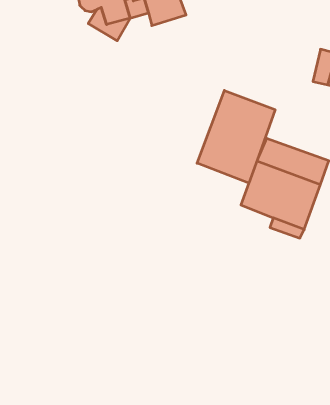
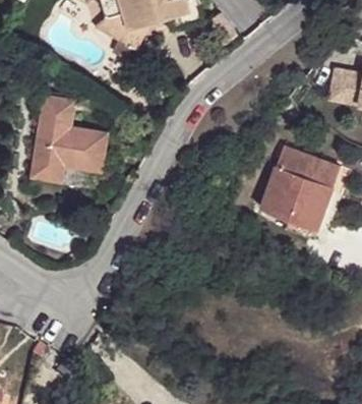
building: none -> [37,88,108,174]
building: [197,90,275,183] -> none

